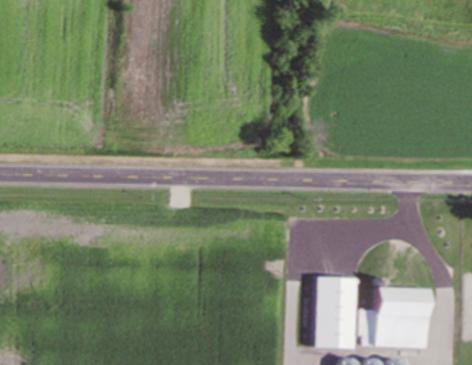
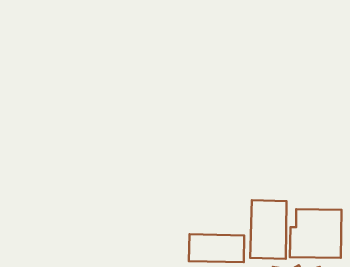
building: none -> [189,234,244,262]

